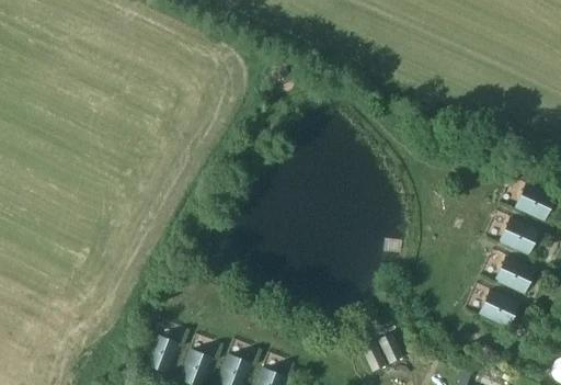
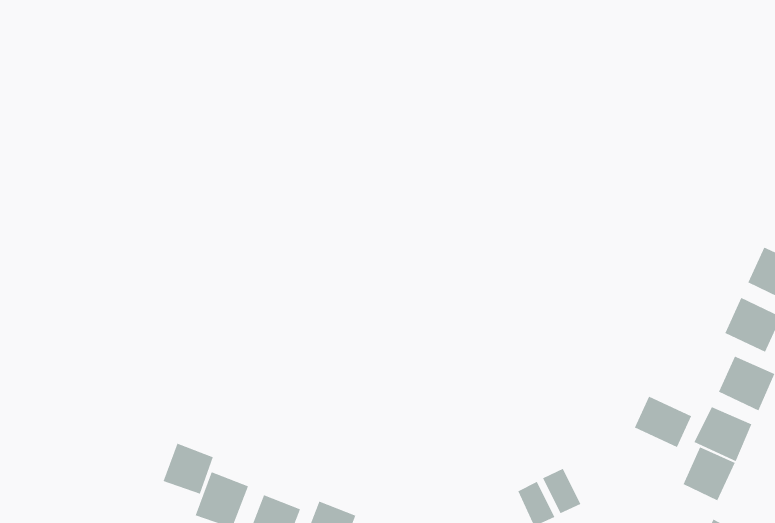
building: none -> [634,396,692,448]
building: none -> [163,443,214,495]
building: none -> [683,447,735,501]

